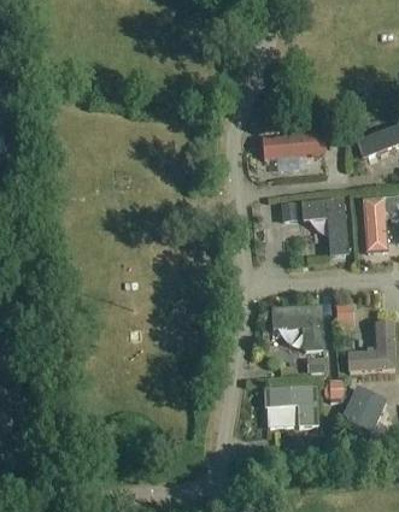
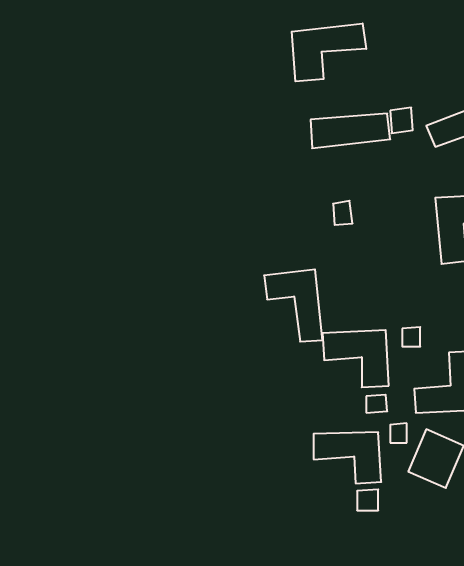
building: none -> [292,23,366,81]
building: [303,198,350,255] -> [264,269,323,342]

